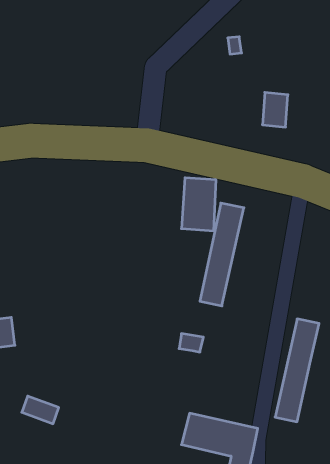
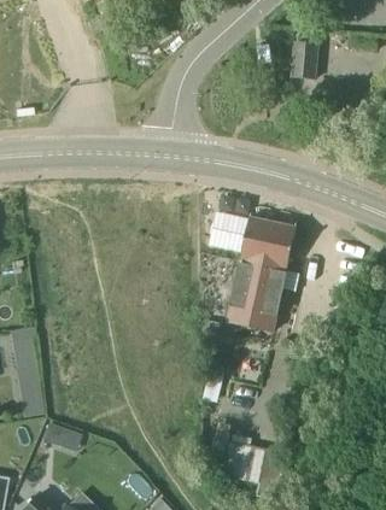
building: [262,92,288,127] -> [293,42,320,78]
building: [275,319,319,422] -> [252,223,298,330]

